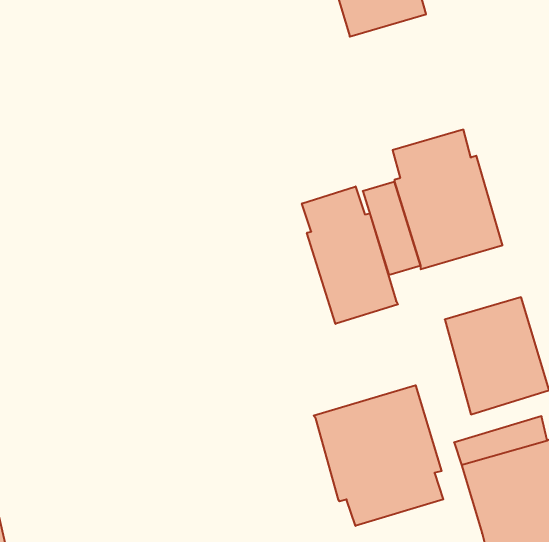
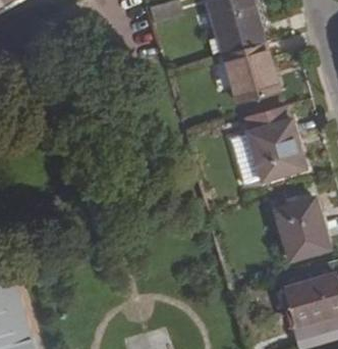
building: none -> [223,42,280,104]
building: [302,186,398,324] -> none
building: [314,385,443,526] -> none

